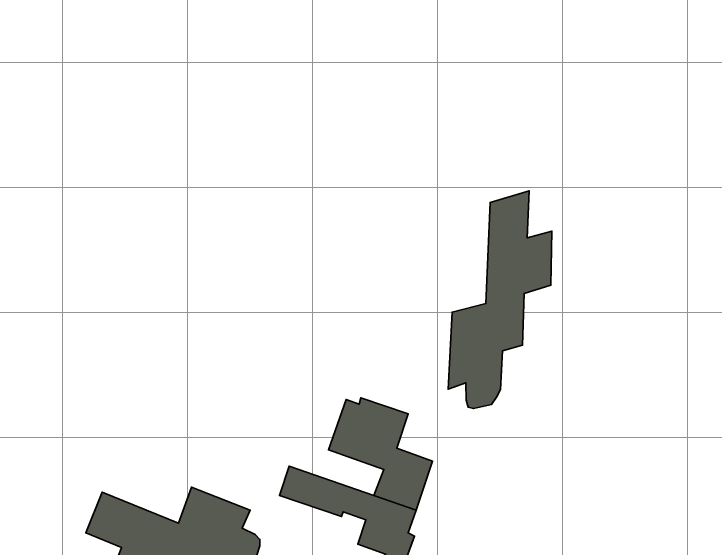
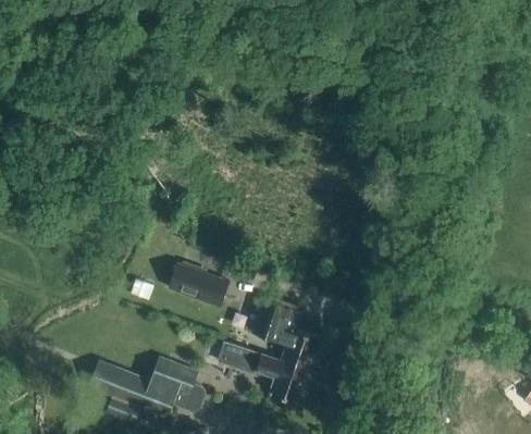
building: [448,191,552,409] -> none
building: none -> [169,261,231,307]

